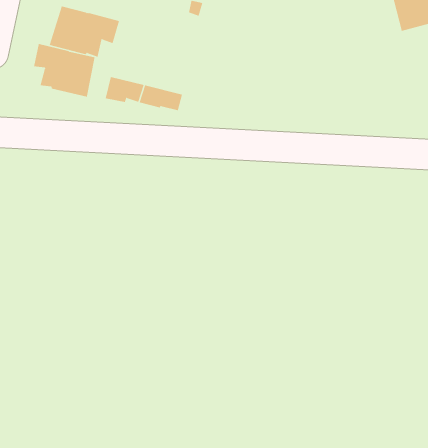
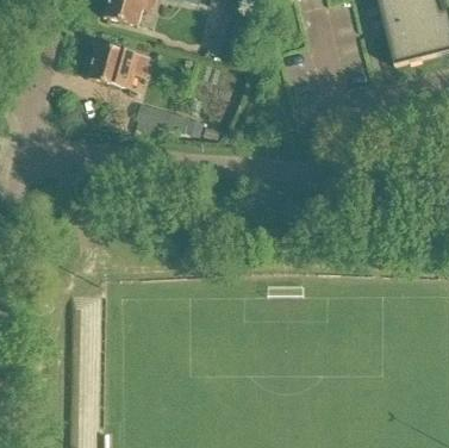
building: [33,43,95,98] -> none

